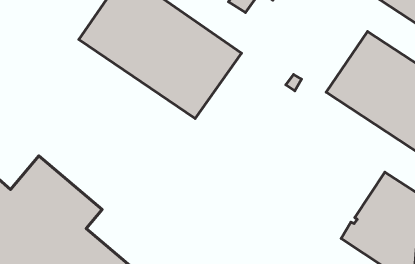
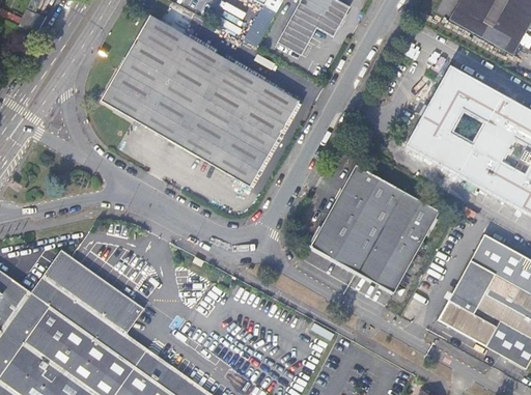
building: none -> [314,165,442,291]

